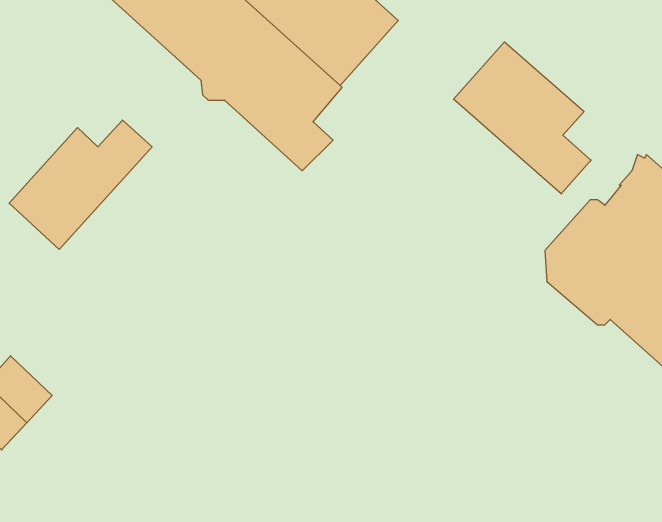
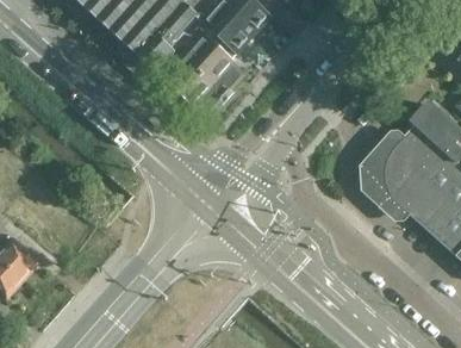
building: [454,42,591,194] -> none
building: [9,120,152,249] -> none

